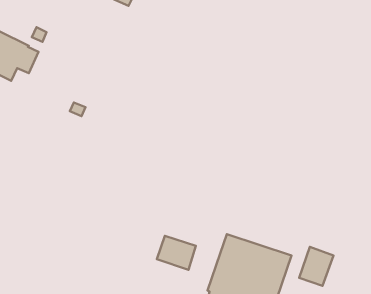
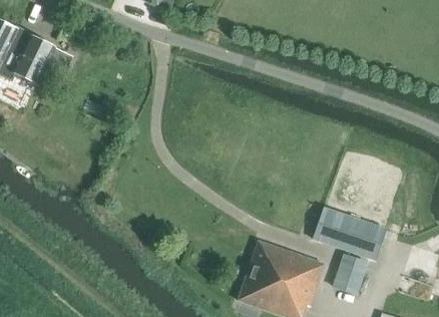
building: none -> [314,208,386,260]
building: [157,236,196,270] -> none

